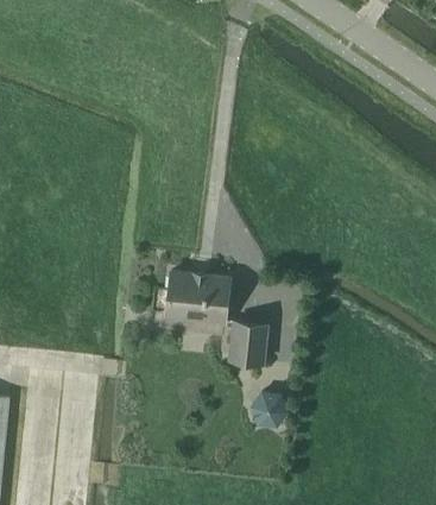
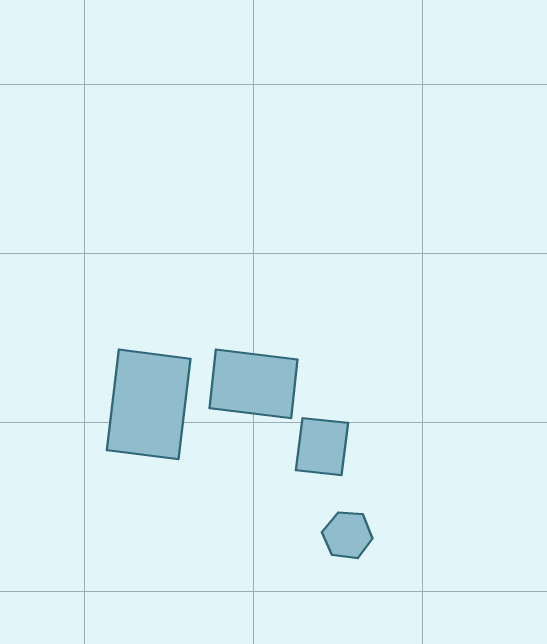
building: none -> [107,349,191,459]

